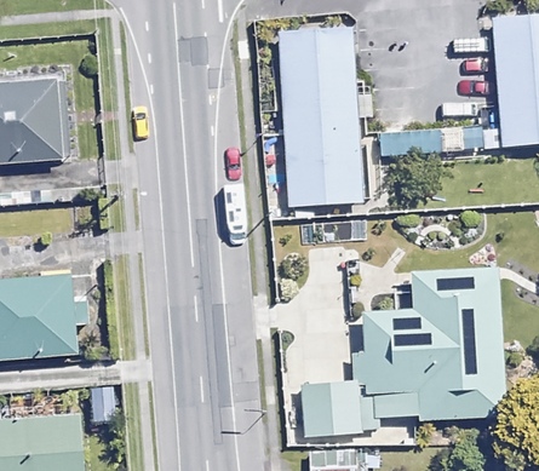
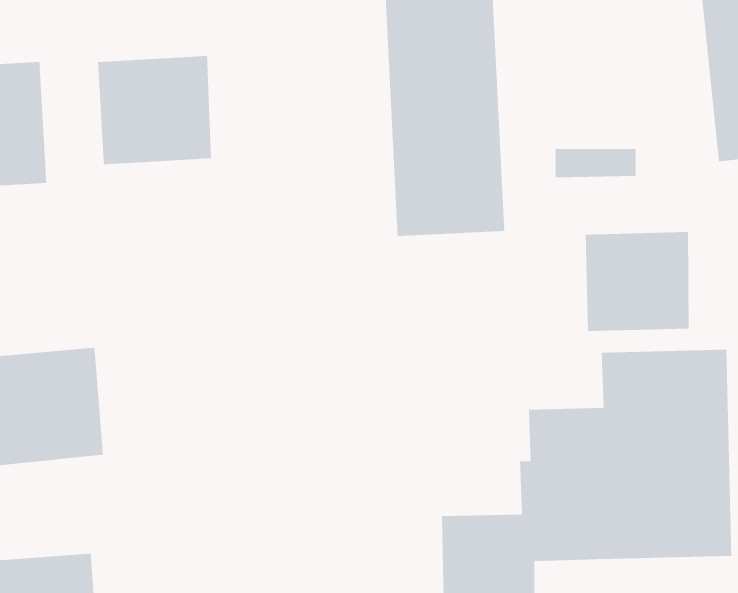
building: none -> [97,55,212,165]
building: none -> [585,231,689,332]

